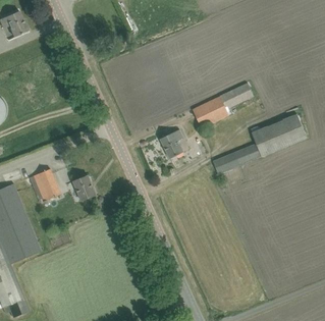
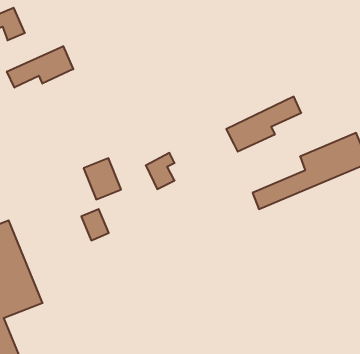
building: none -> [7,46,73,88]
building: [160,128,183,158] -> [146,153,175,189]
building: [30,168,60,202] -> [84,158,121,199]

